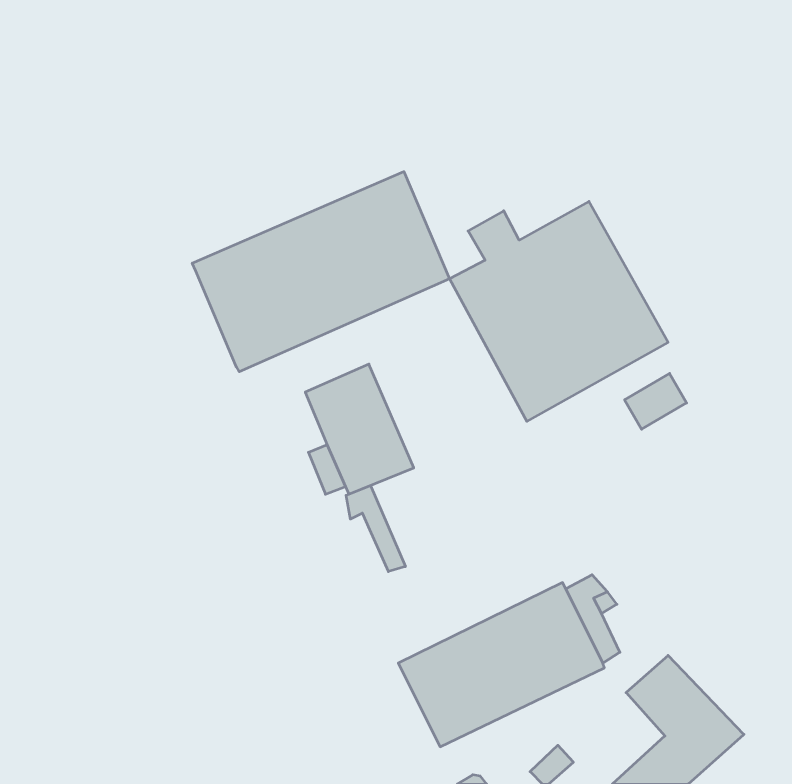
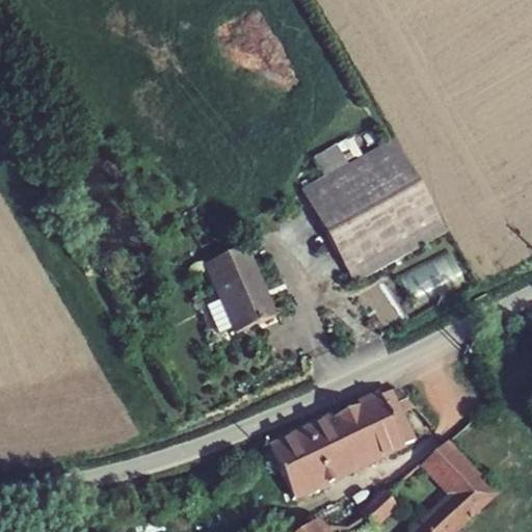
building: [192,172,449,372] -> none
building: [346,486,405,572] -> none

